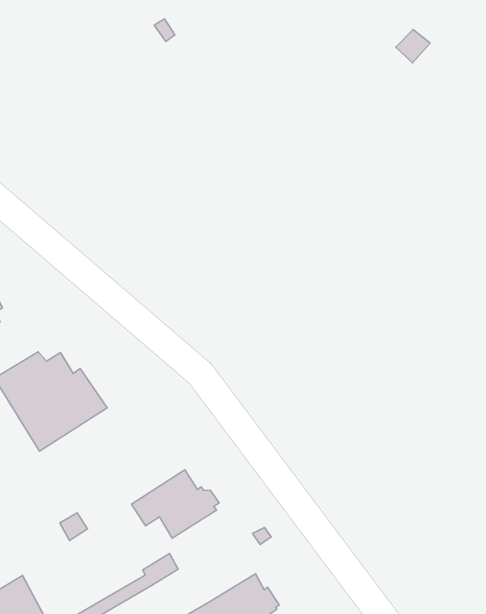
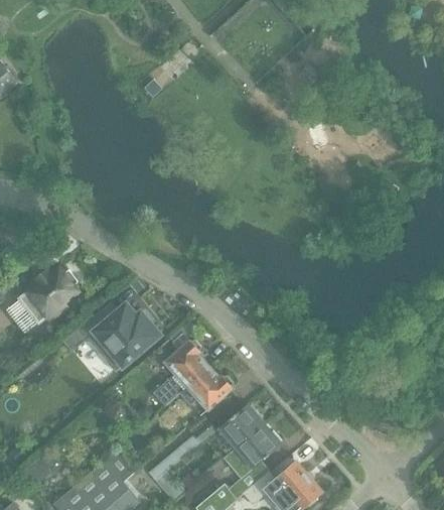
building: none -> [155,333,209,405]
building: none -> [220,404,265,448]

